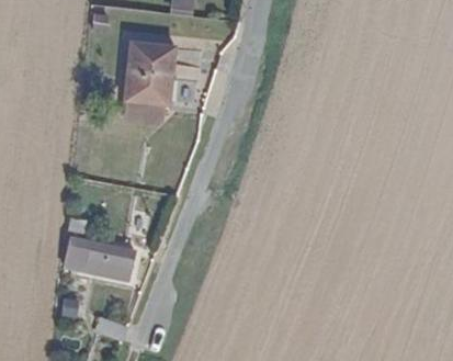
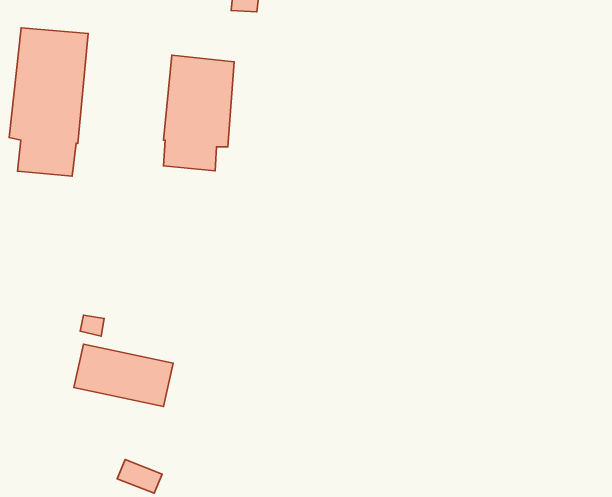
building: none -> [9,28,88,176]

